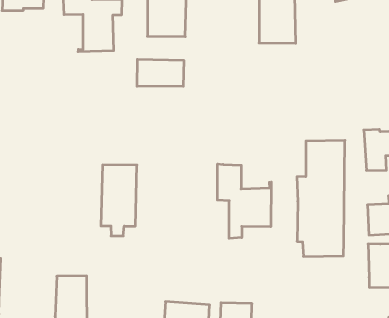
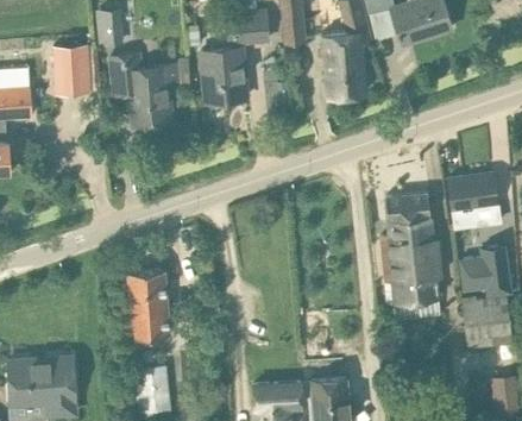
building: [137,59,184,86] -> none
building: [217,164,271,238] -> none
building: [101,165,137,236] -> [128,269,170,347]

